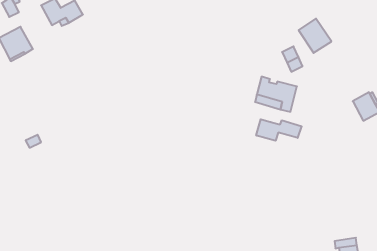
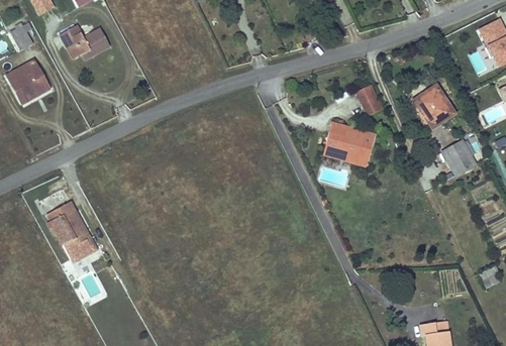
building: [299,19,331,53] -> [414,85,454,127]
building: [256,119,302,141] -> none
building: none -> [46,201,92,259]

